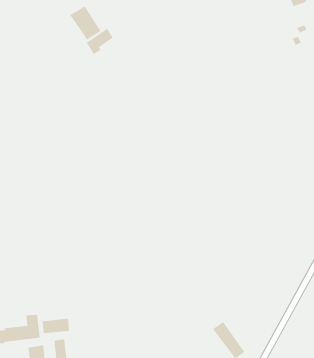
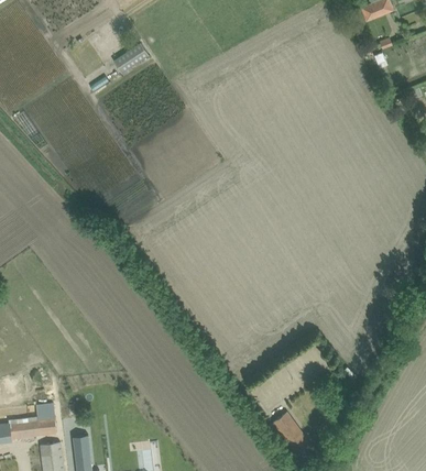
building: [70,5,101,41] -> none
building: [42,318,69,334] -> none

